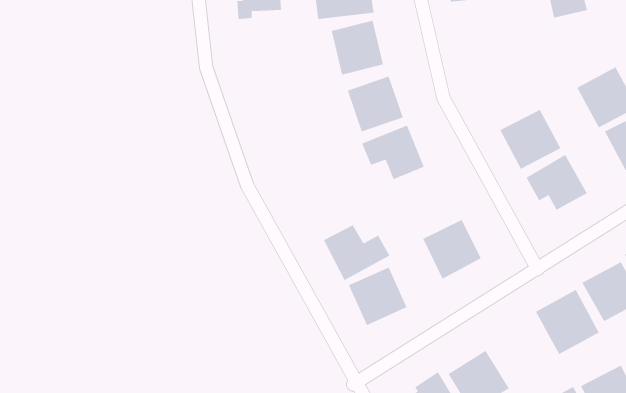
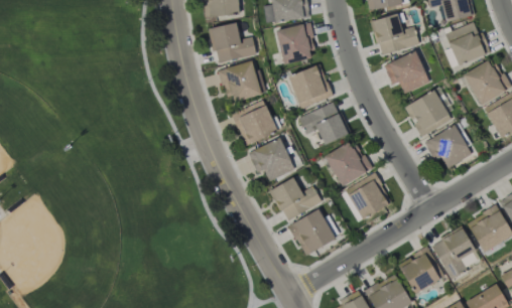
building: none -> [372,15,419,54]
building: none -> [211,23,256,62]
building: none -> [445,23,491,65]
building: none -> [384,51,429,94]
building: none -> [220,61,262,104]
building: none -> [232,101,277,146]
building: none -> [248,138,295,181]
building: none -> [325,140,371,187]
building: none -> [399,248,441,294]

